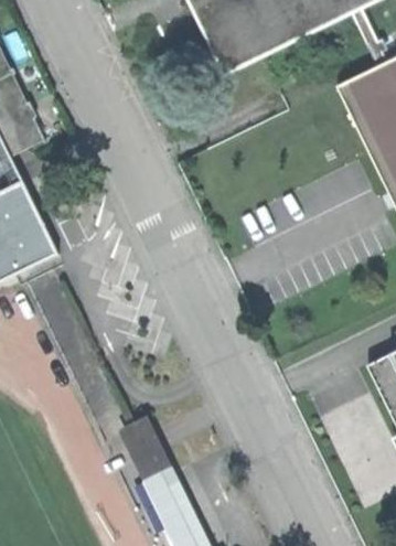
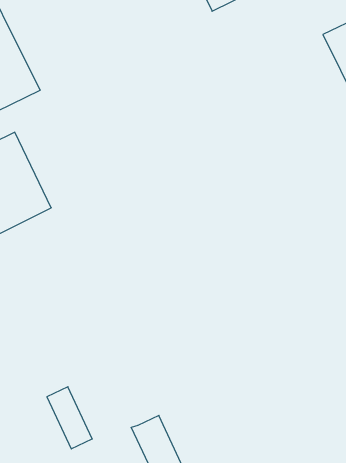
building: [126,411,171,473] -> [47,387,92,449]

